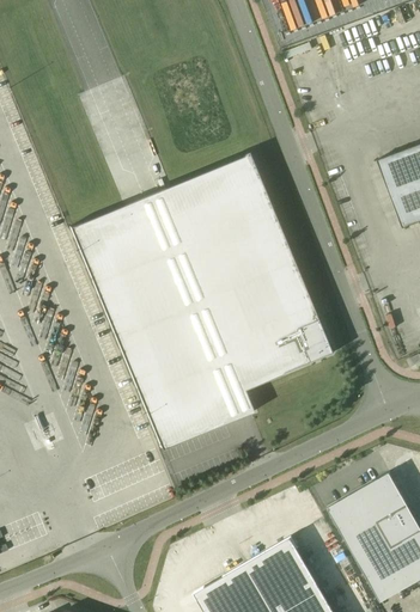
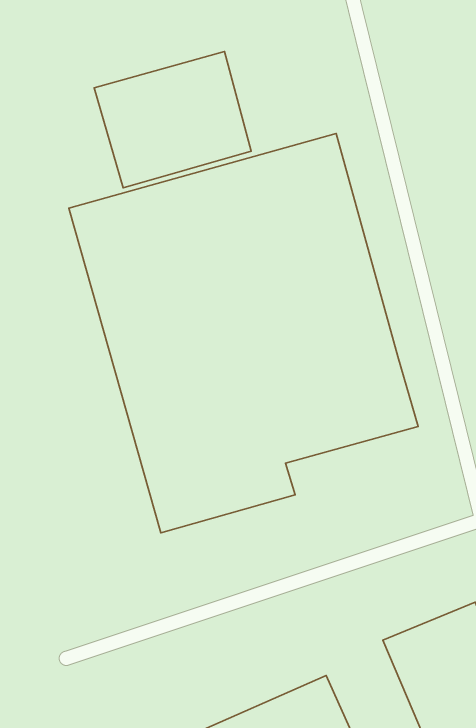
building: none -> [94,52,251,188]

